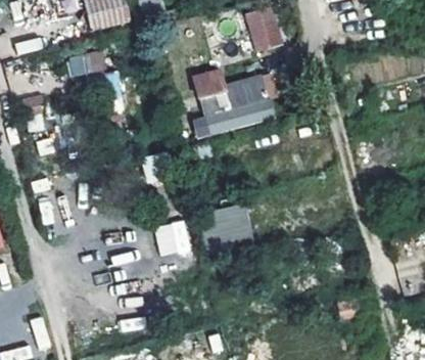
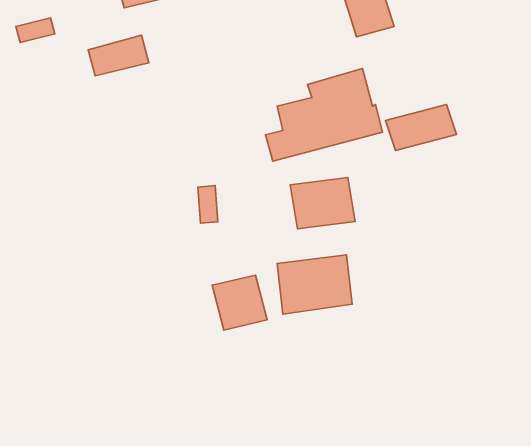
building: none -> [385,104,457,151]
building: none -> [290,178,355,229]

